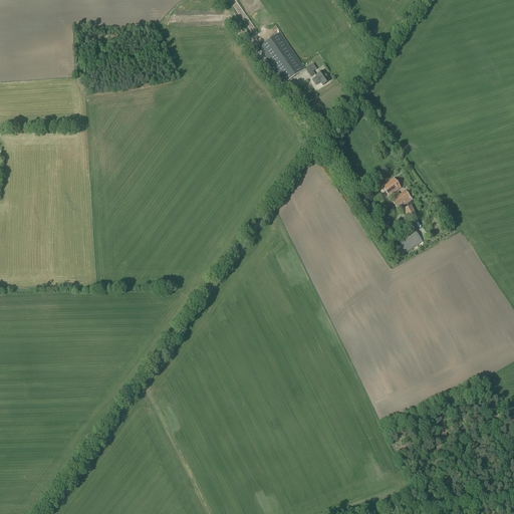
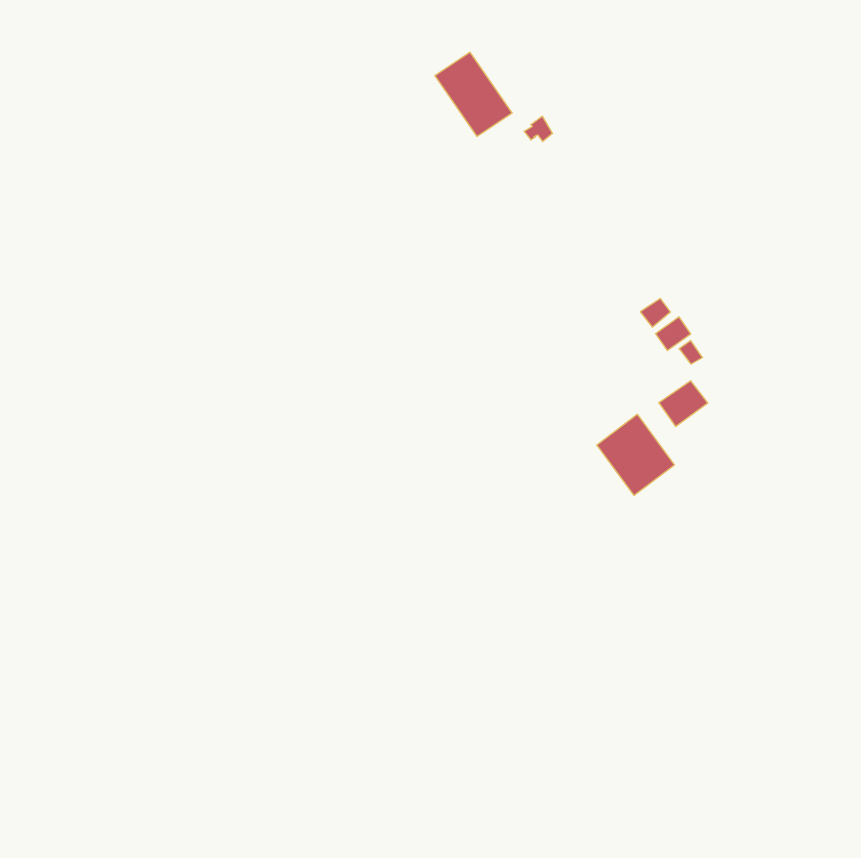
building: none -> [597,414,674,496]

